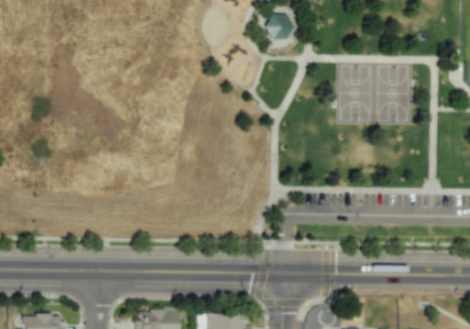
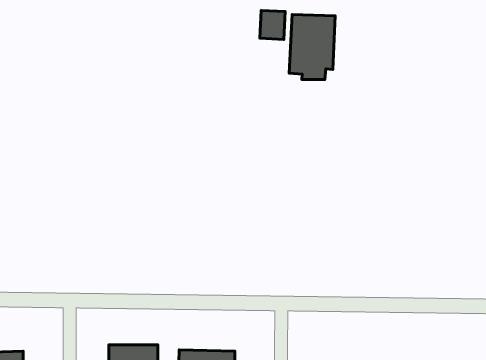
building: none -> [289,14,335,80]

